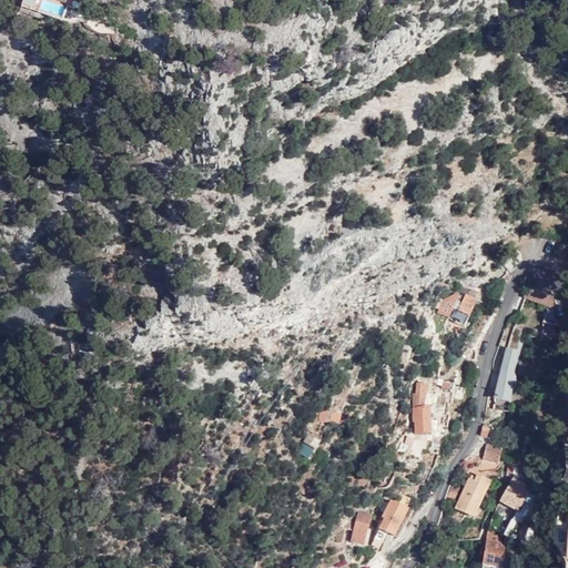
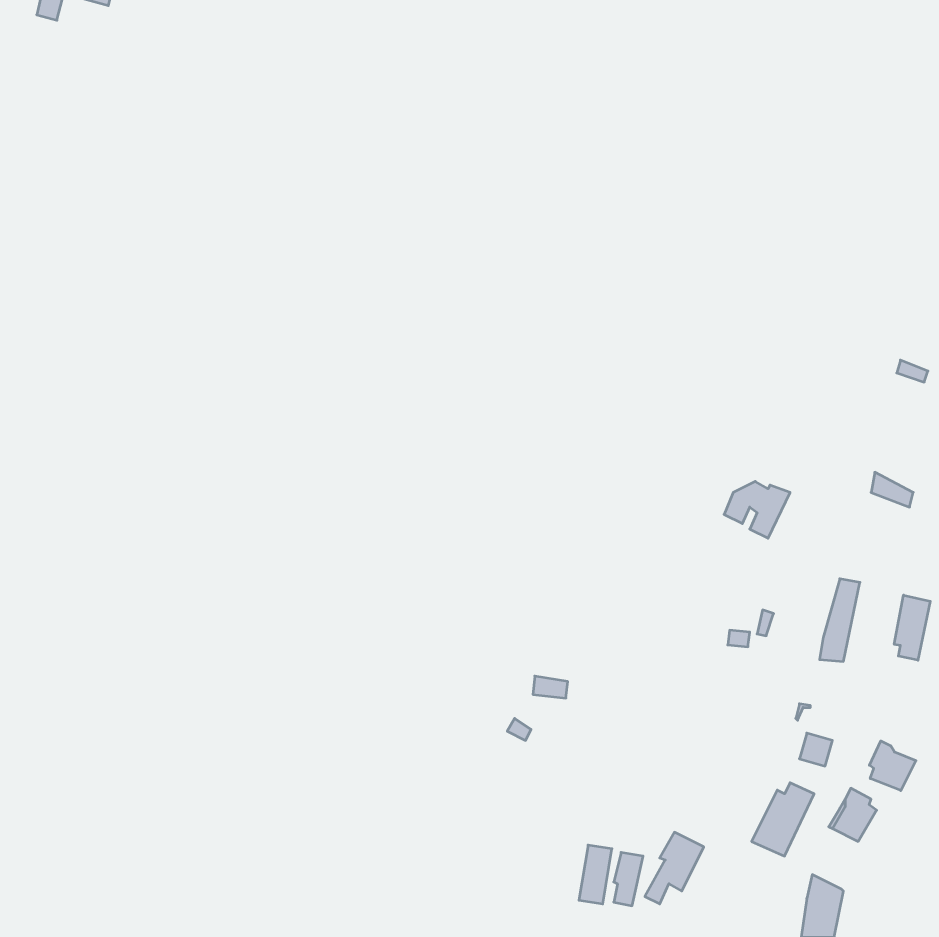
building: none -> [894,595,930,660]
building: [409,384,438,435] -> none
building: none -> [869,741,916,791]

